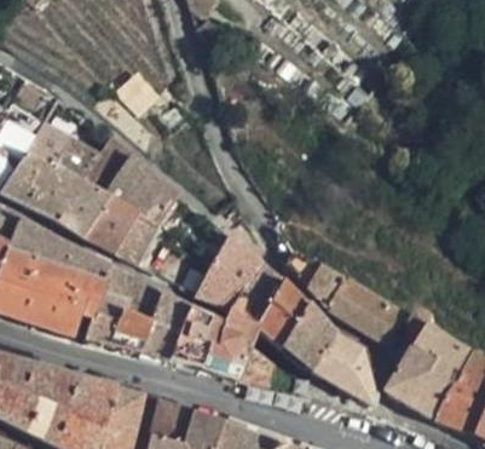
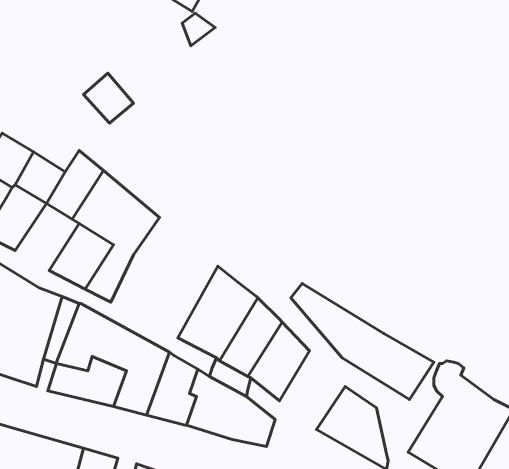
building: [56,180,110,237] -> none
building: [279,305,335,372] -> none

